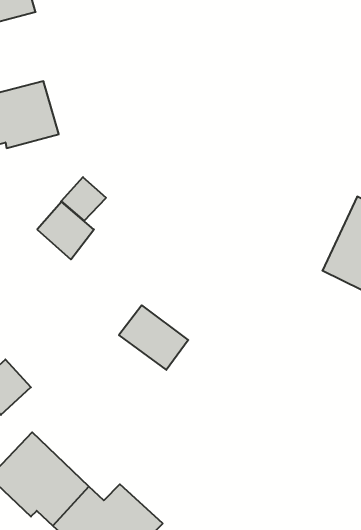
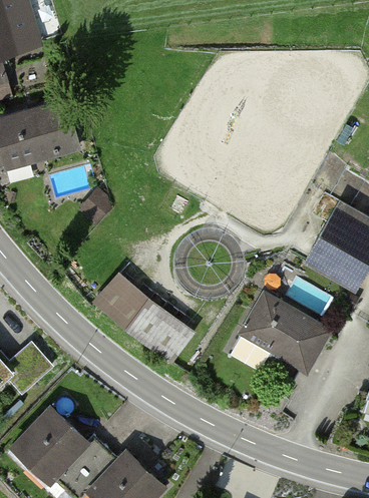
building: [37,202,94,259] -> [96,275,145,325]
building: none -> [240,293,330,372]

